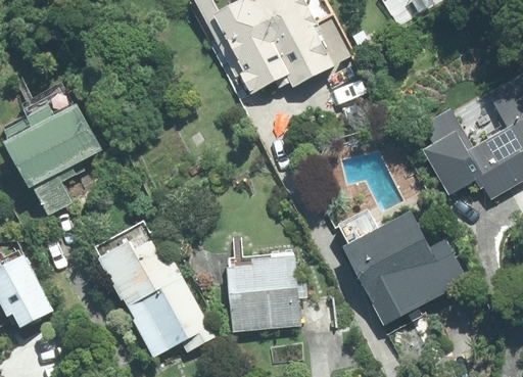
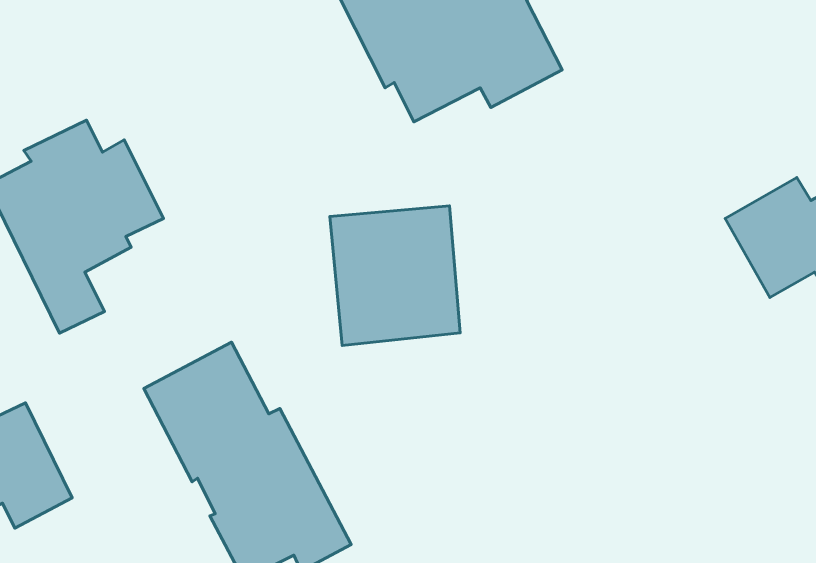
building: [338,213,470,328] -> none
building: [224,251,298,331] -> [330,206,460,345]

